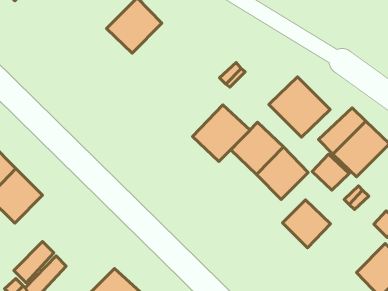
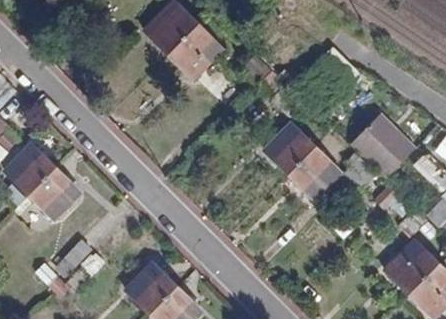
building: none -> [169,27,222,80]
building: [269,77,330,137] -> none
building: [193,105,250,162] -> none
building: [283,200,331,248] -> none

